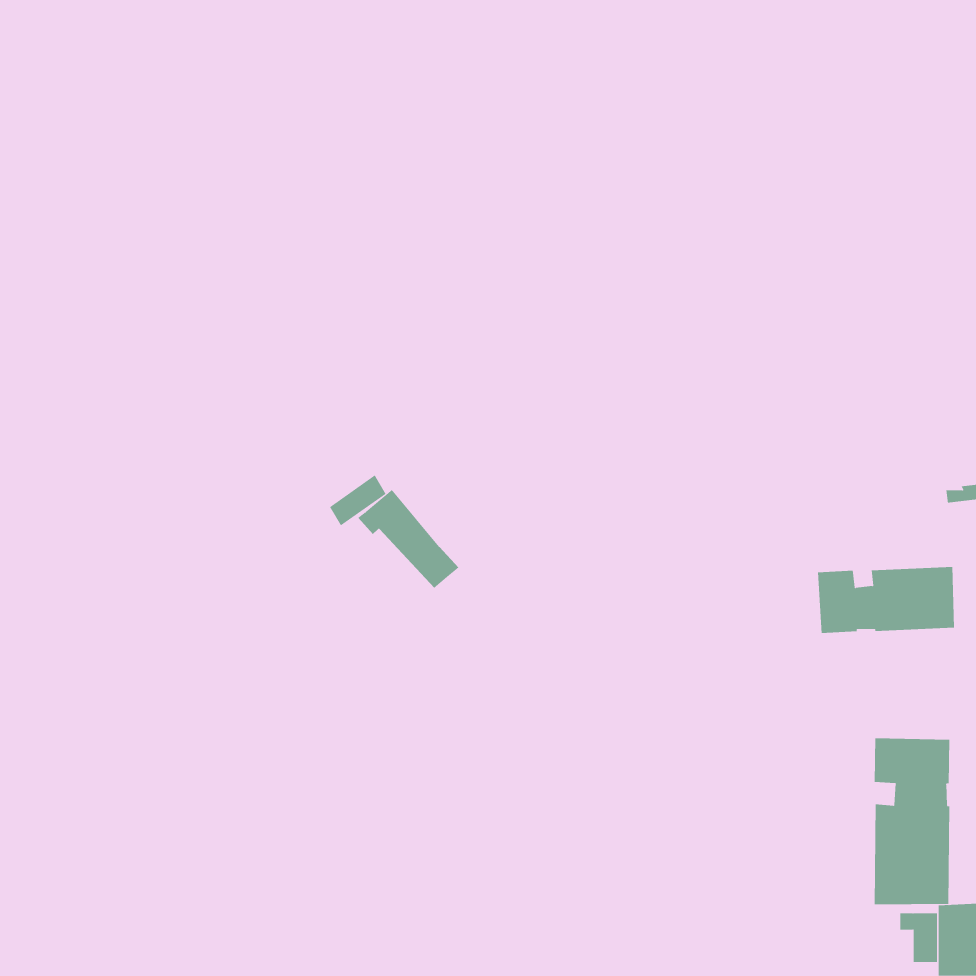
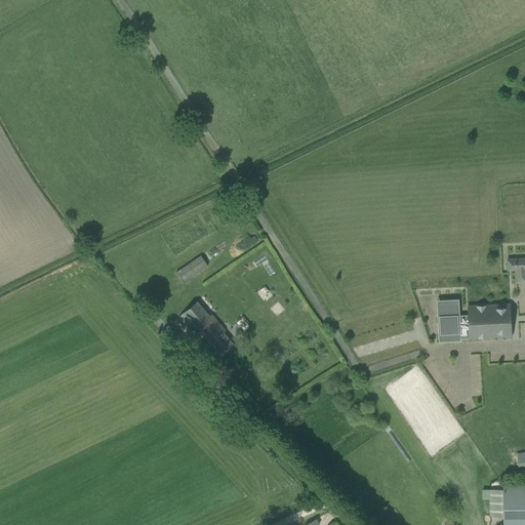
building: [358,489,459,589] -> [179,300,234,354]
building: [874,737,950,905] -> none

